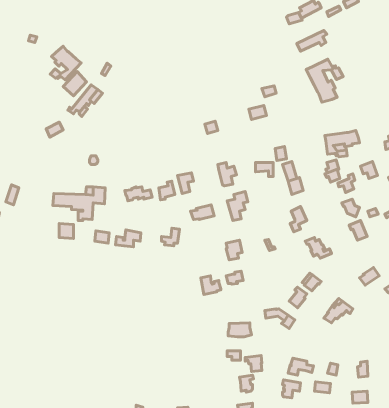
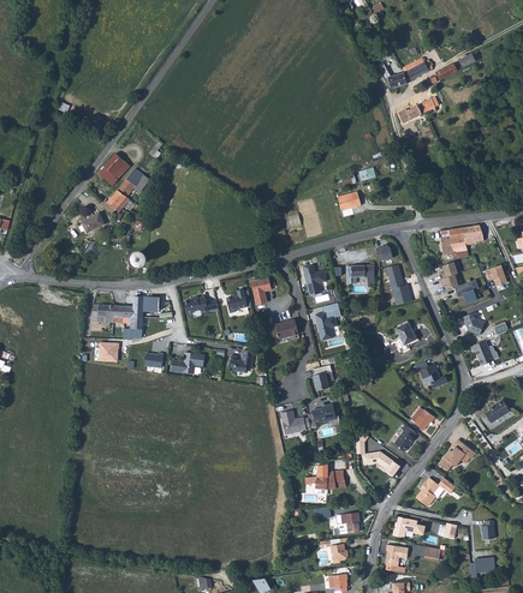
building: [50,46,81,80] -> none
building: [306,59,343,102] -> none
building: none -> [415,477,454,507]

